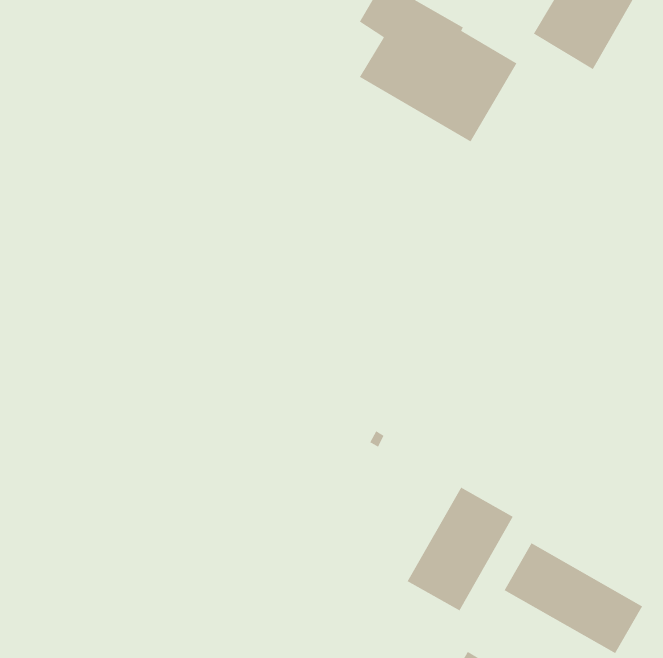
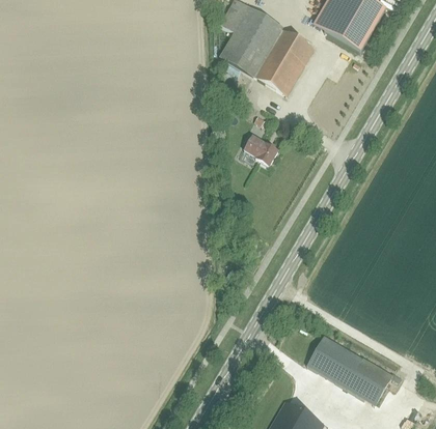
building: none -> [248,138,277,165]
building: [407,486,514,612] -> none

